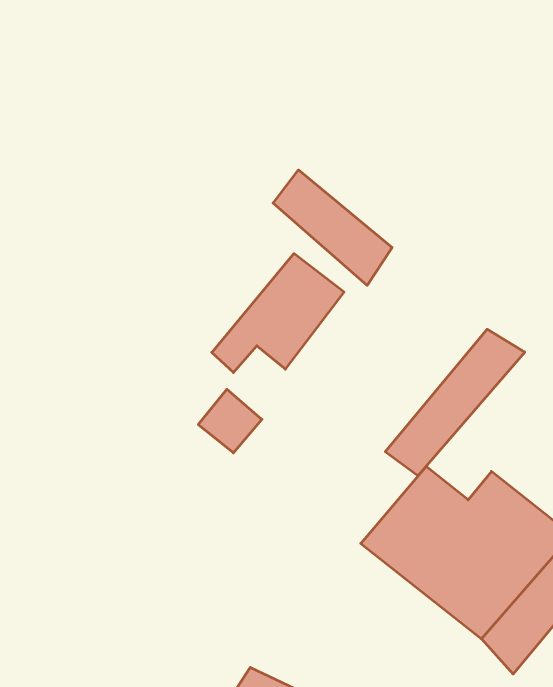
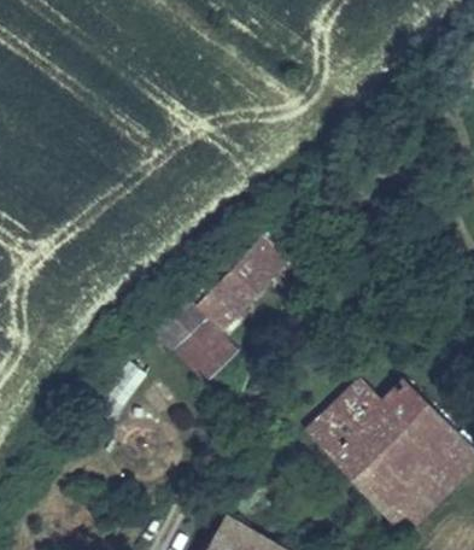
building: [273,170,392,285] -> none
building: [385,329,525,476] -> none

